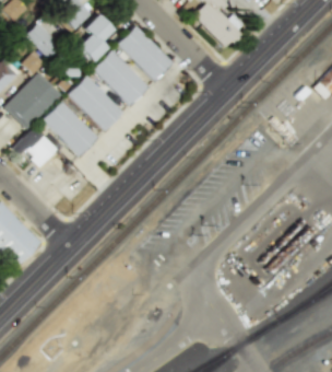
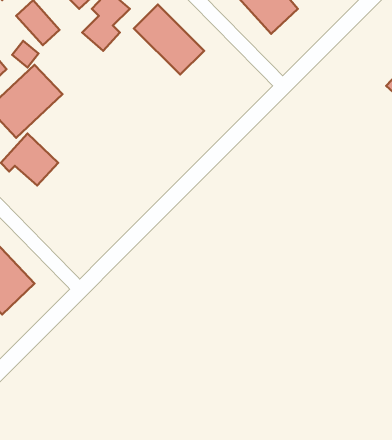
building: [93,50,147,105] -> none
building: [67,75,122,131] -> none
building: [42,101,97,155] -> none

